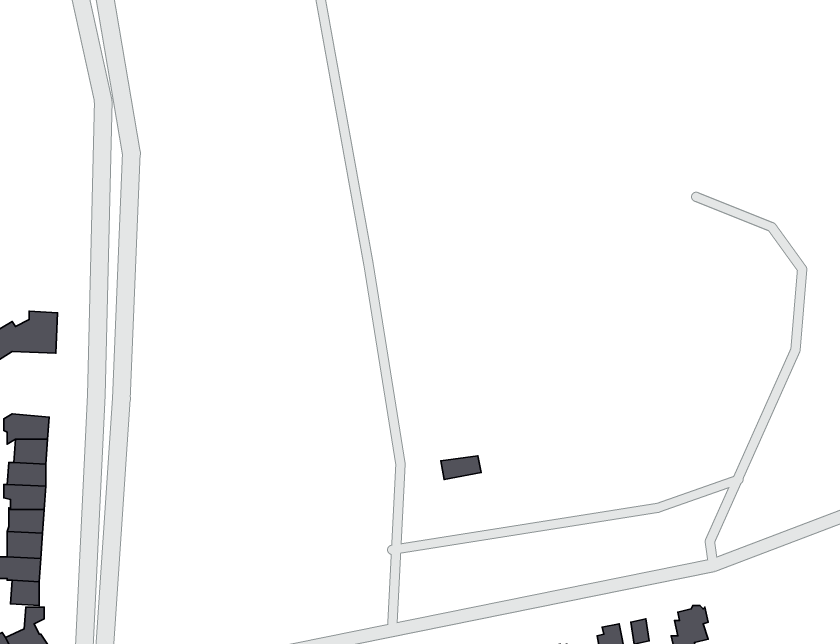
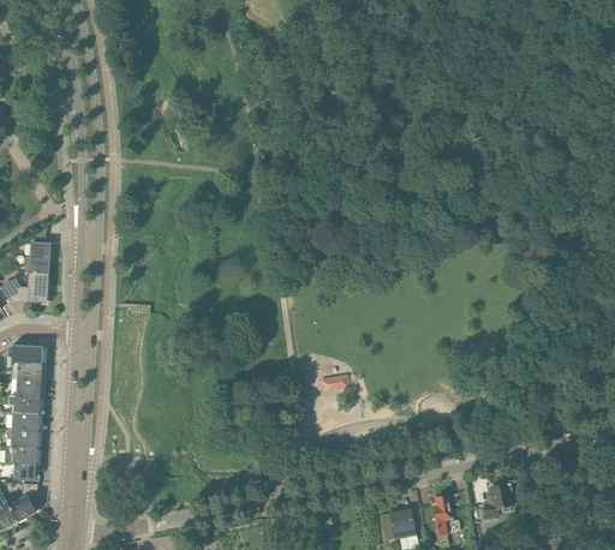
building: none -> [28,244,50,273]

